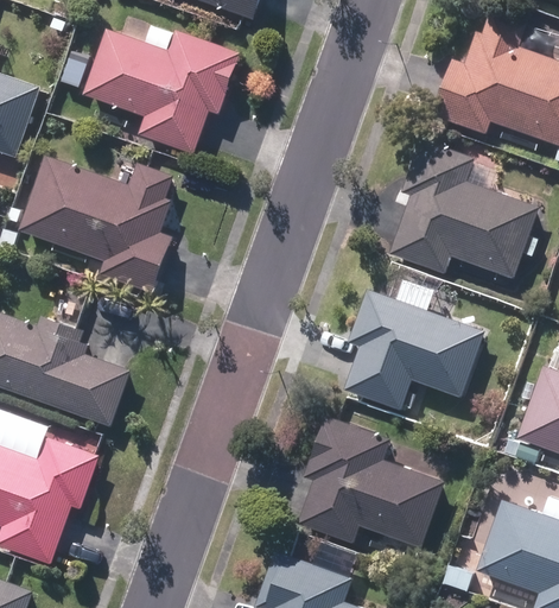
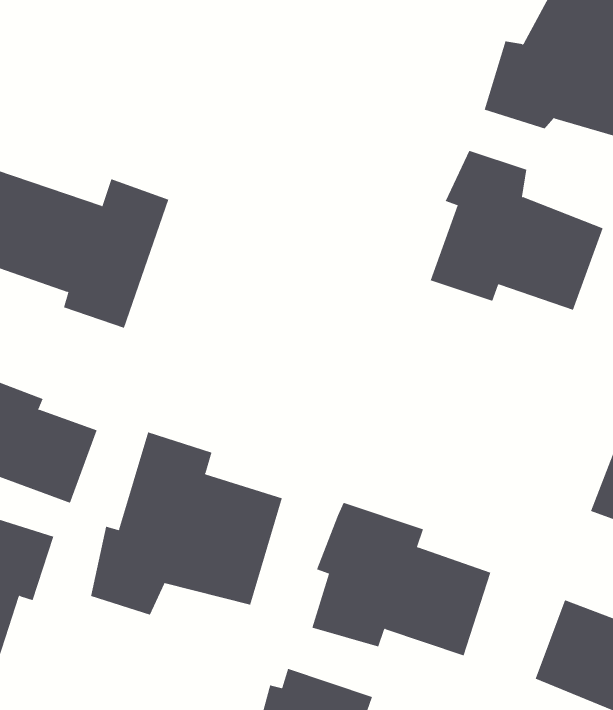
building: [88,33,231,151] -> none
building: [349,291,485,405] -> none
building: none -> [90,431,283,616]

